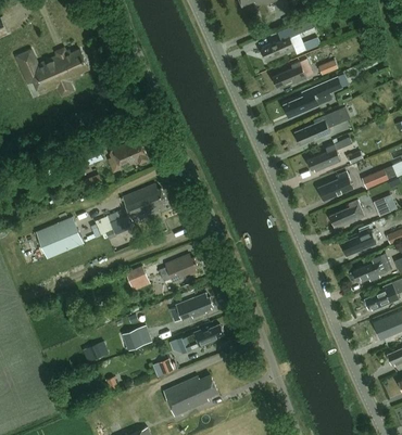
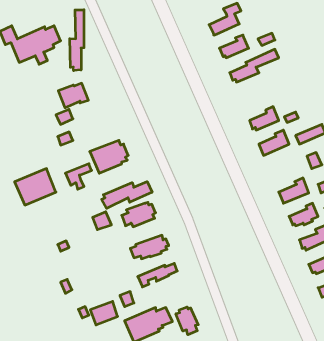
building: none -> [70,10,84,71]
building: [296,107,350,145] -> none
building: [114,140,149,168] -> [58,83,88,108]
building: [330,200,365,229] -> none
building: none -> [102,182,152,208]
building: [124,323,155,350] -> [90,301,118,325]
building: none -> [176,307,198,335]

